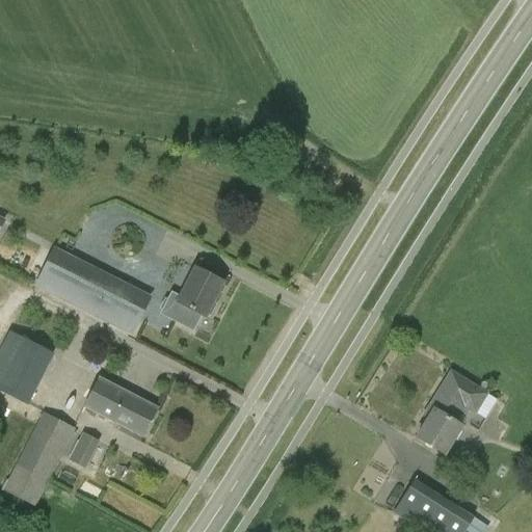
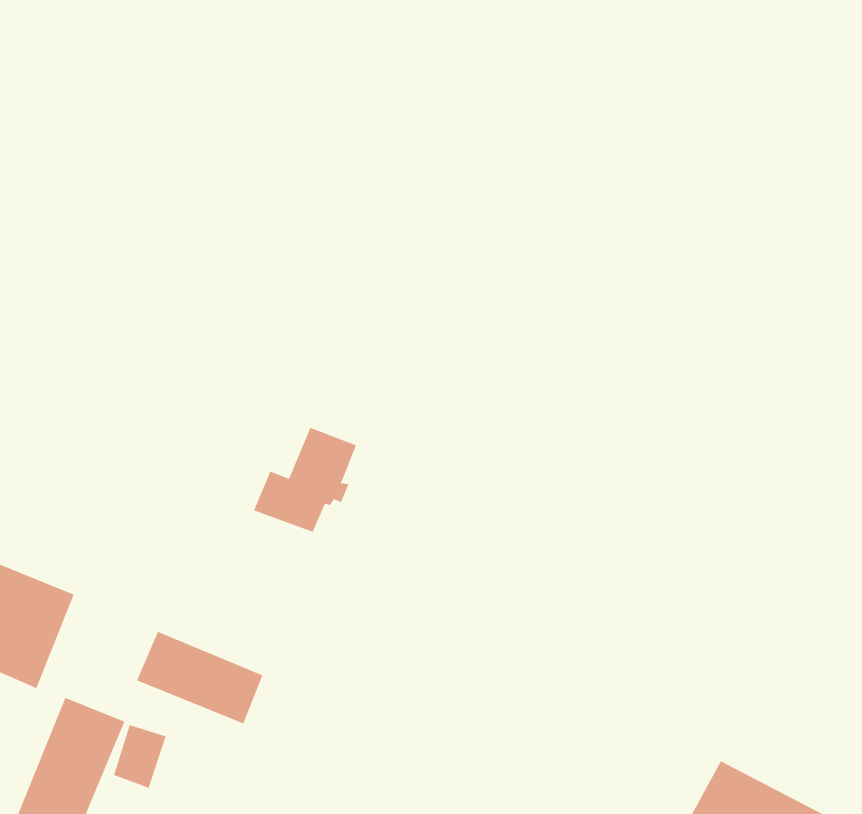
building: [41,252,148,330] -> none
building: [416,370,486,453] -> none

